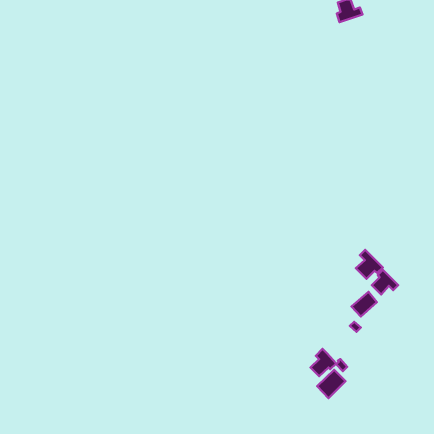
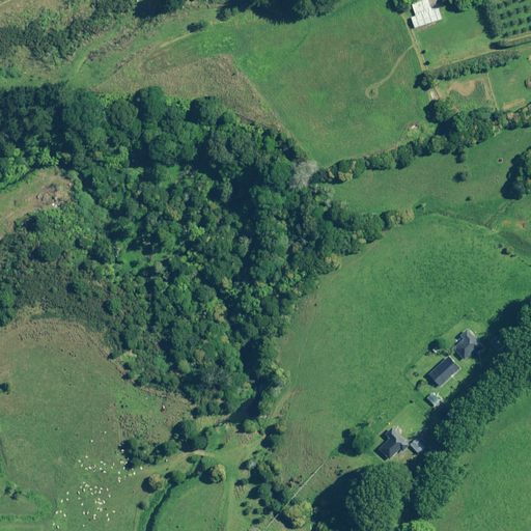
building: [356,250,383,279] -> none
building: [317,370,346,398] -> none

